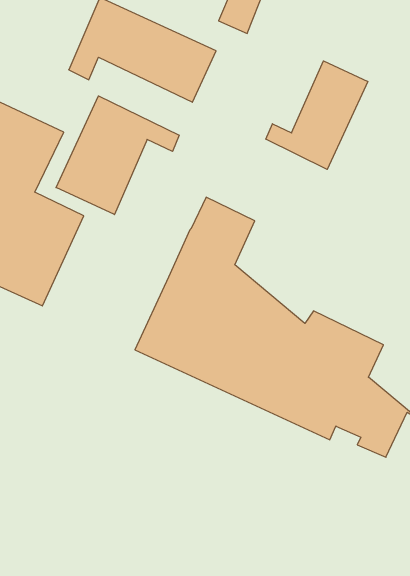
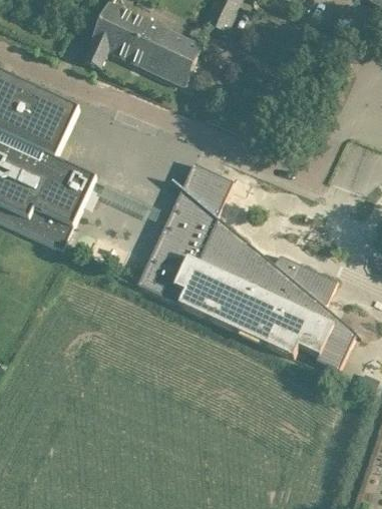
building: [266,61,368,169] -> none
building: [56,96,179,215] -> none

